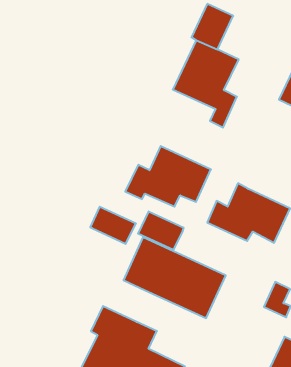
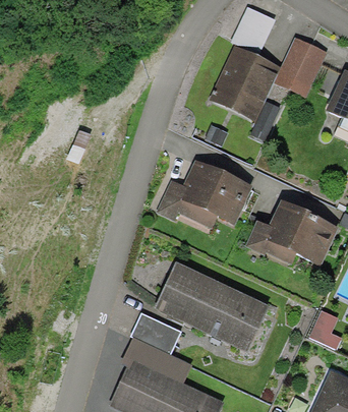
building: none -> [275,39,324,95]
building: [90,207,136,244] -> [130,312,180,353]
building: [138,211,184,250] -> none

